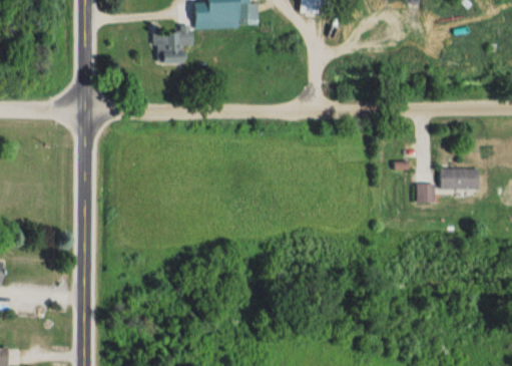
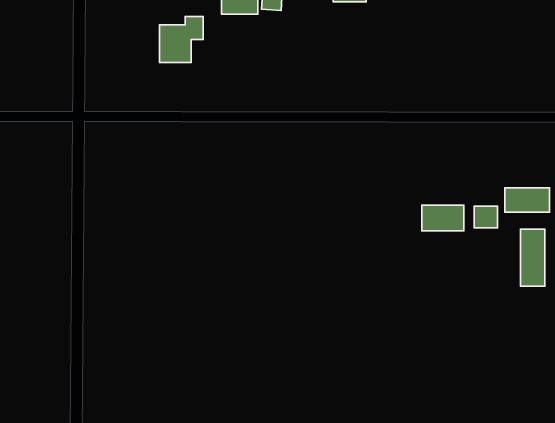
building: none -> [422,205,464,231]
building: none -> [520,229,545,286]

